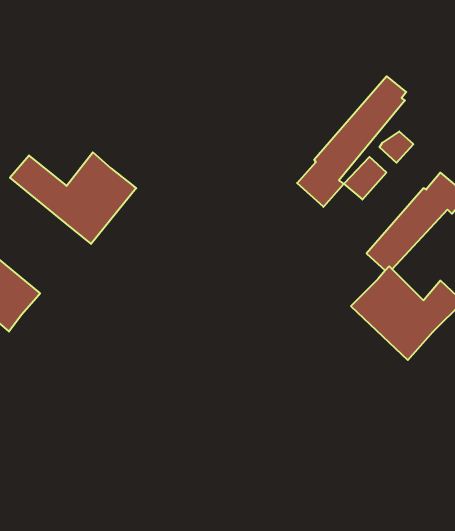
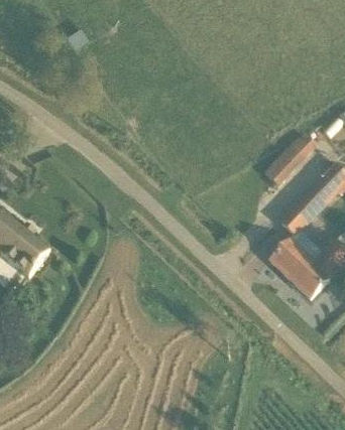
building: [297,76,406,207] -> none
building: [10,152,136,244] -> none

